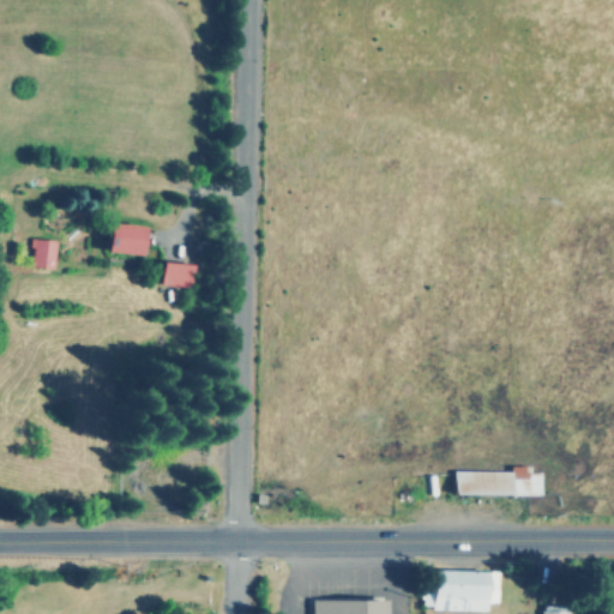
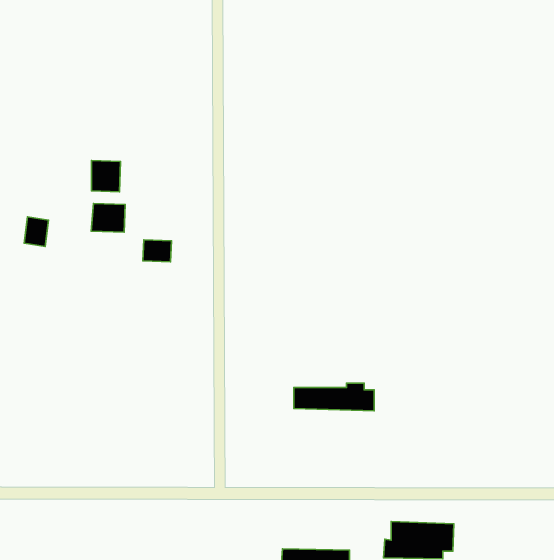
building: none -> [91,161,121,192]
building: [457,468,544,498] -> [294,383,374,411]

